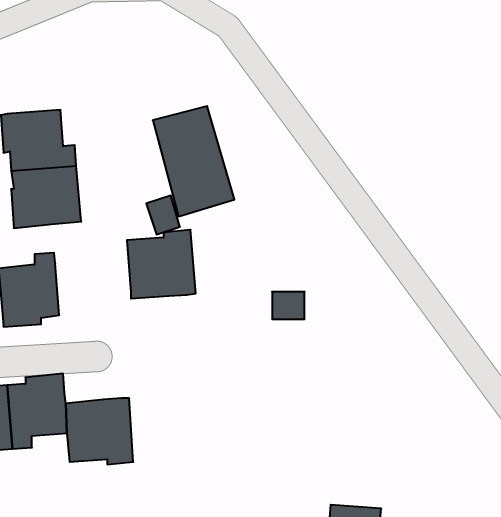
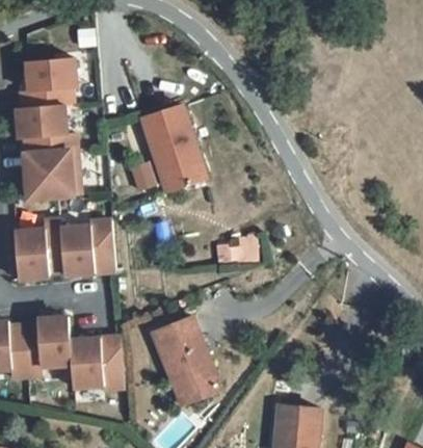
building: none -> [21,58,77,108]
building: [127,230,196,299] -> [60,219,115,274]
building: none -> [150,323,211,404]

